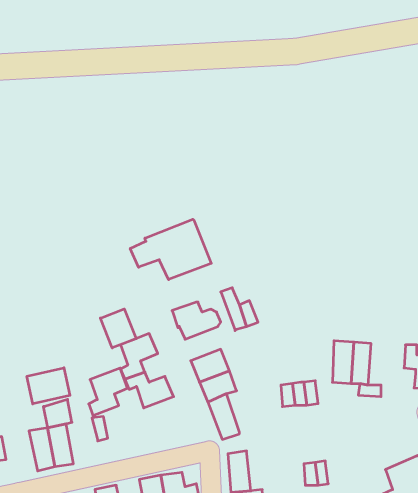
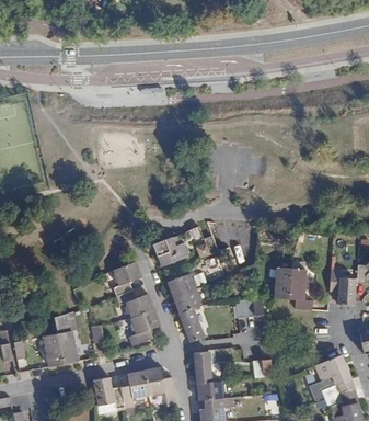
building: [130,219,211,280] -> none
building: [100,309,136,348] -> none
building: [27,368,70,404] -> none
building: [89,368,127,415] -> [129,309,159,345]

